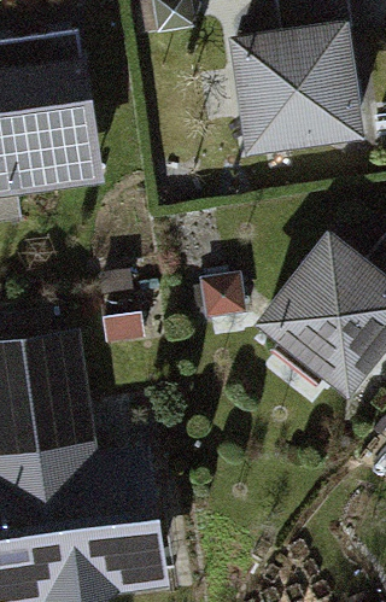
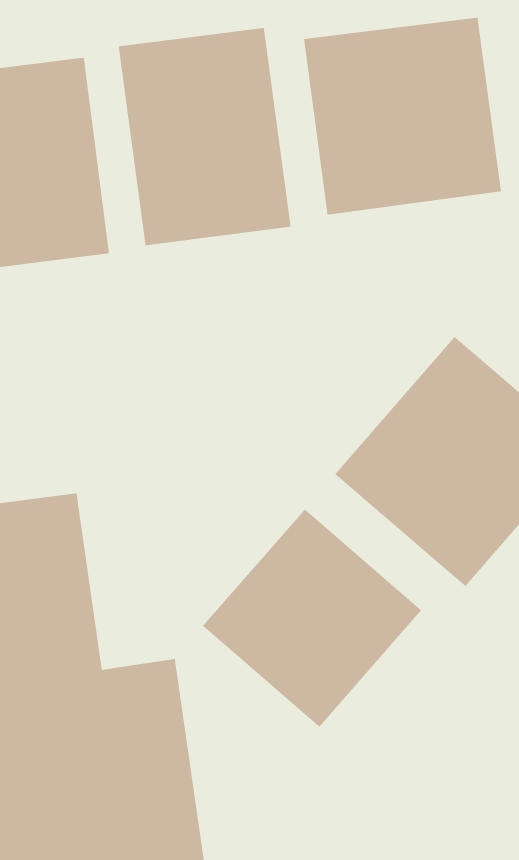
building: none -> [118,27,291,246]
building: none -> [202,508,422,728]

